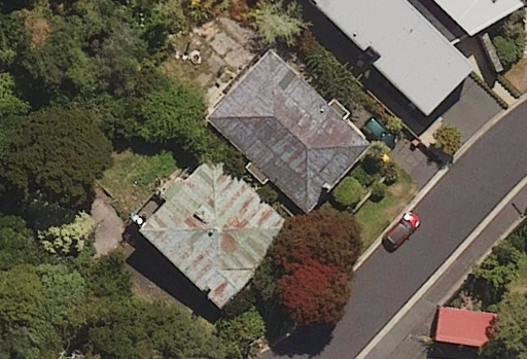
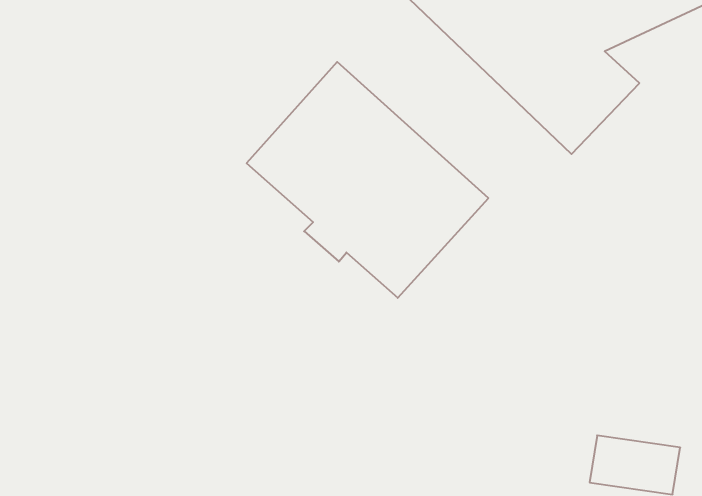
building: [138,151,293,304] -> none

